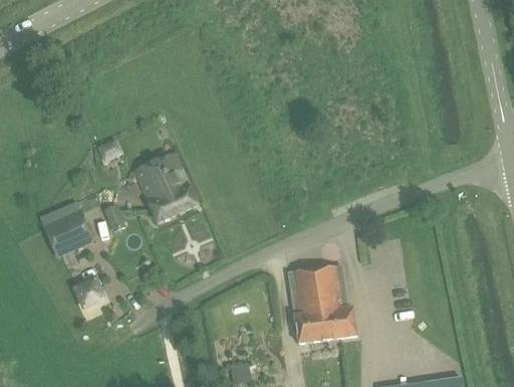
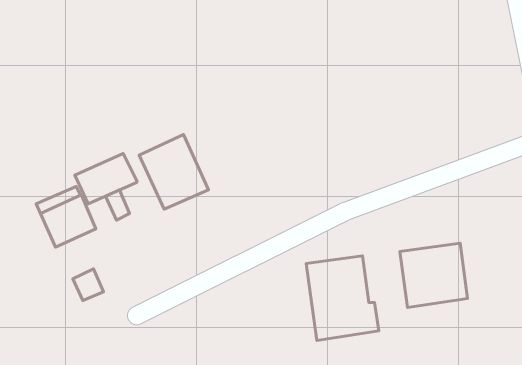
building: none -> [75,154,137,204]
building: none -> [400,243,468,307]

